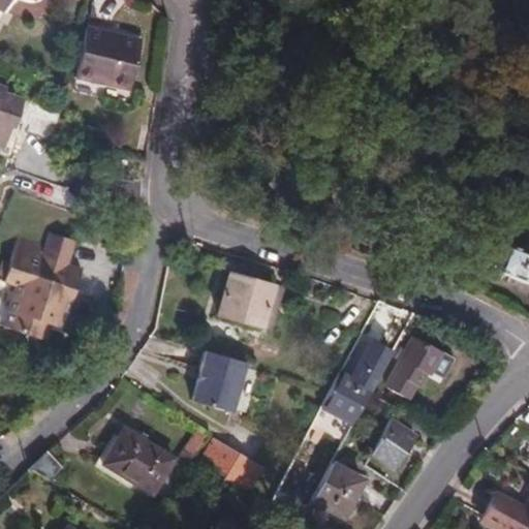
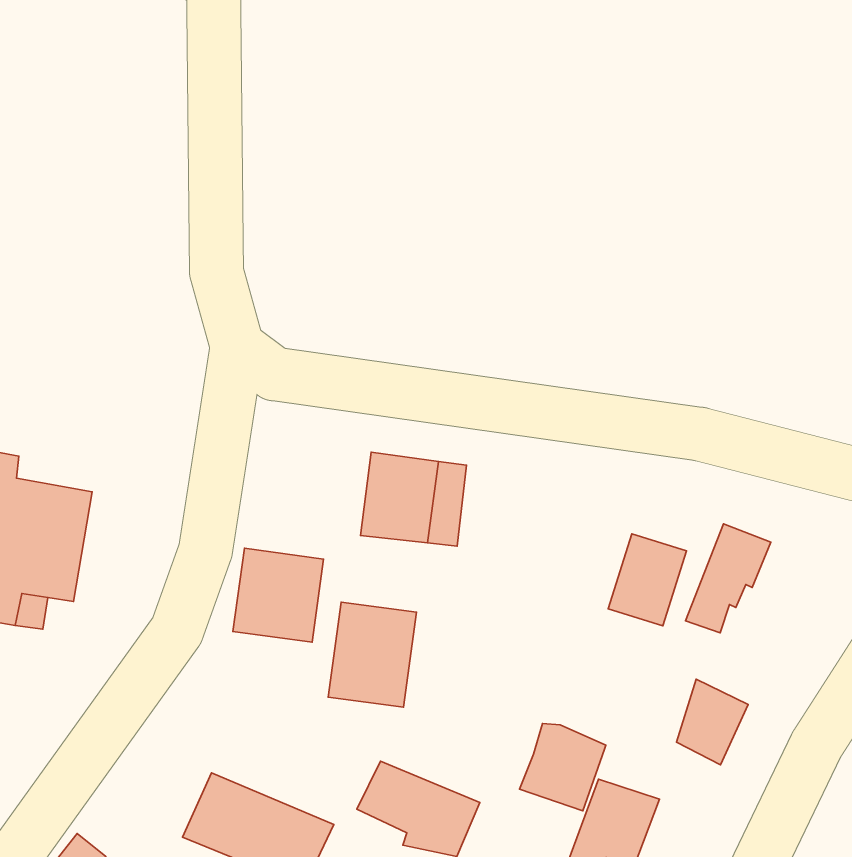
building: [74,17,139,76] -> none
building: none -> [233,548,324,642]
building: [321,373,371,423] -> [519,724,606,811]

